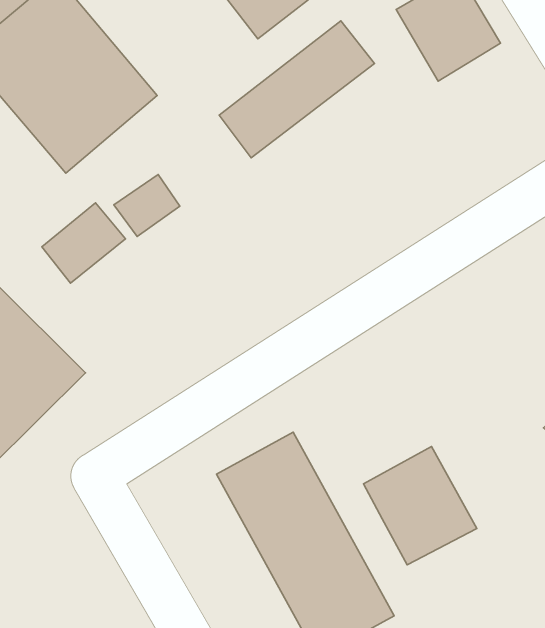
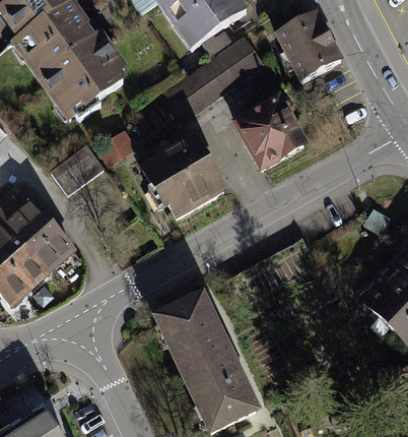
building: none -> [232,91,307,168]
building: none -> [148,129,235,217]
building: [363,447,477,565] -> none

